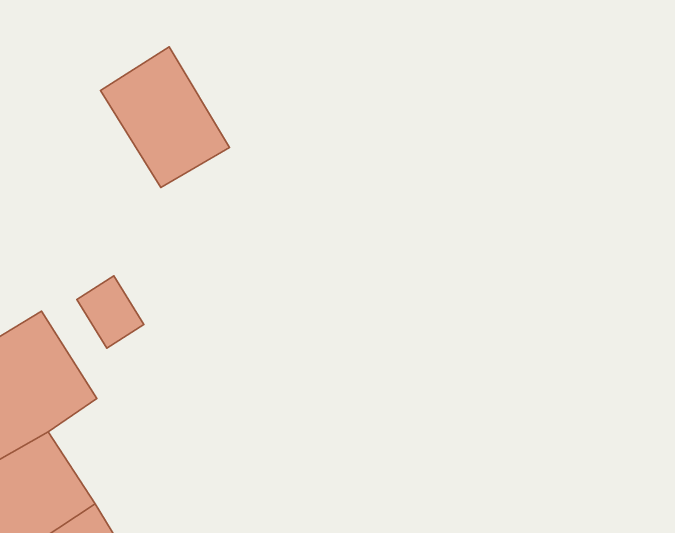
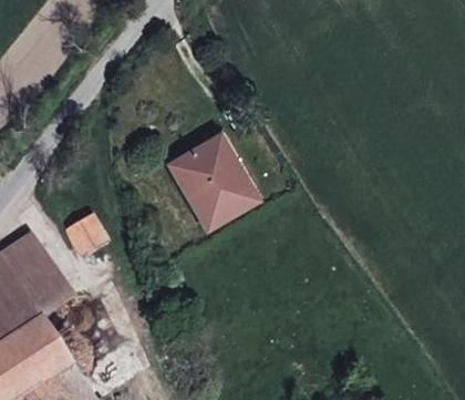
building: [100,47,230,188] -> [165,126,250,219]

